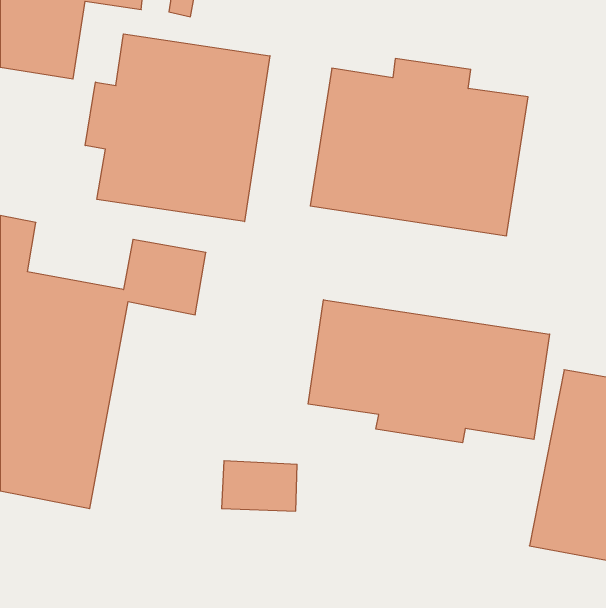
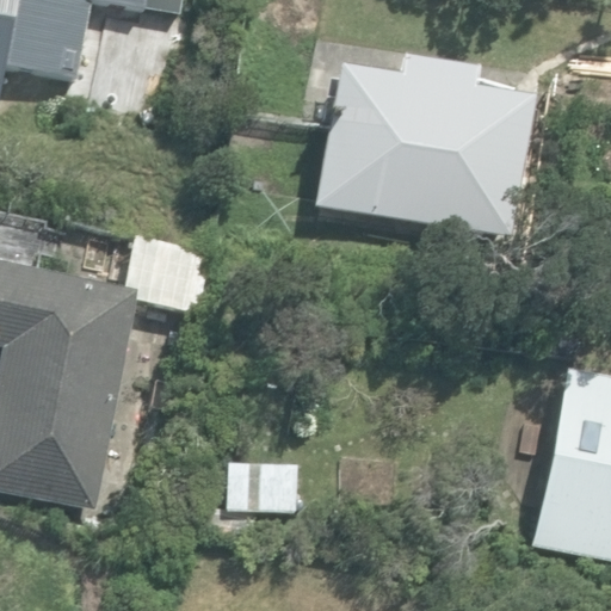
building: [85,34,270,222] -> none
building: [308,300,550,443] -> none

